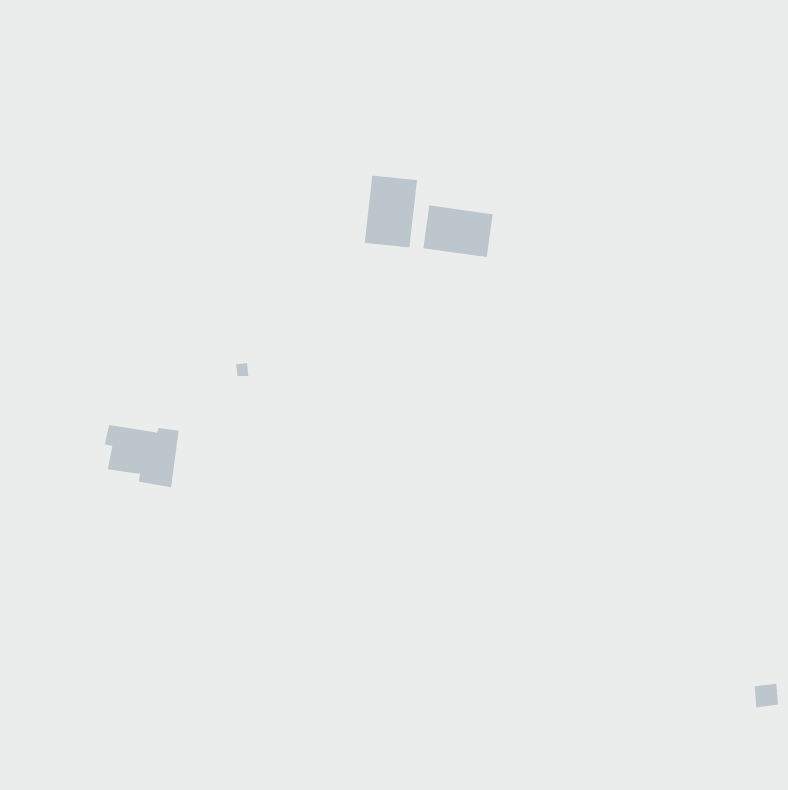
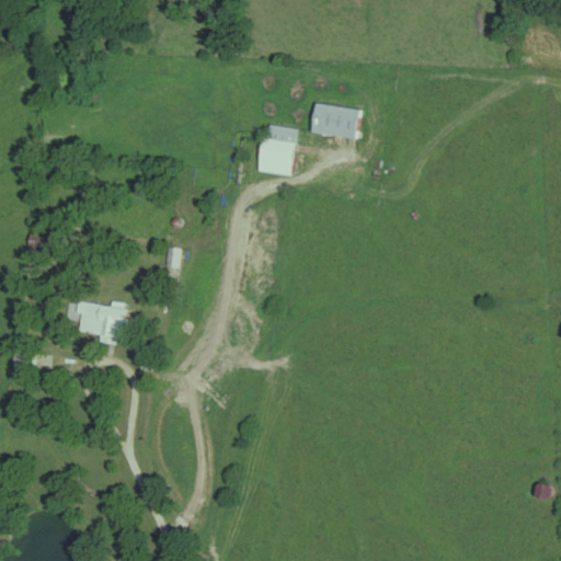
building: [422,205,494,258] -> [309,102,359,139]

